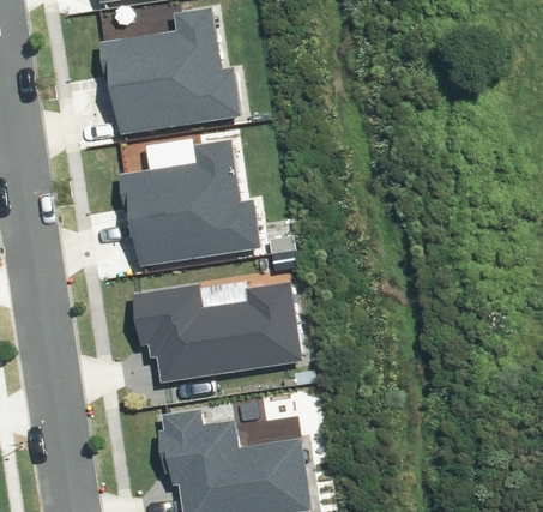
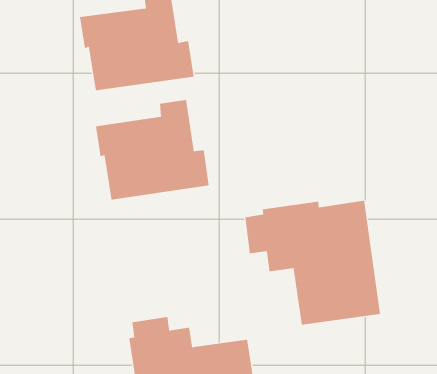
building: none -> [245,200,380,325]
building: [132,284,296,383] -> none

